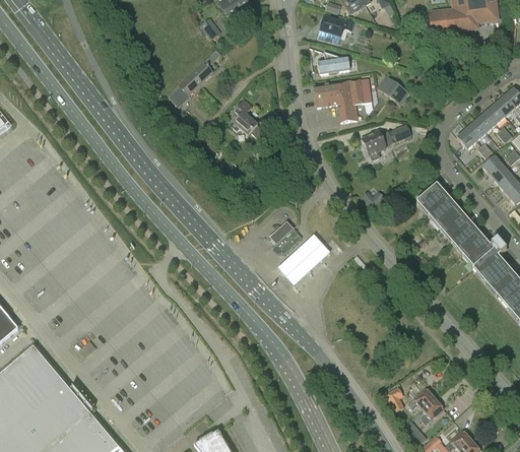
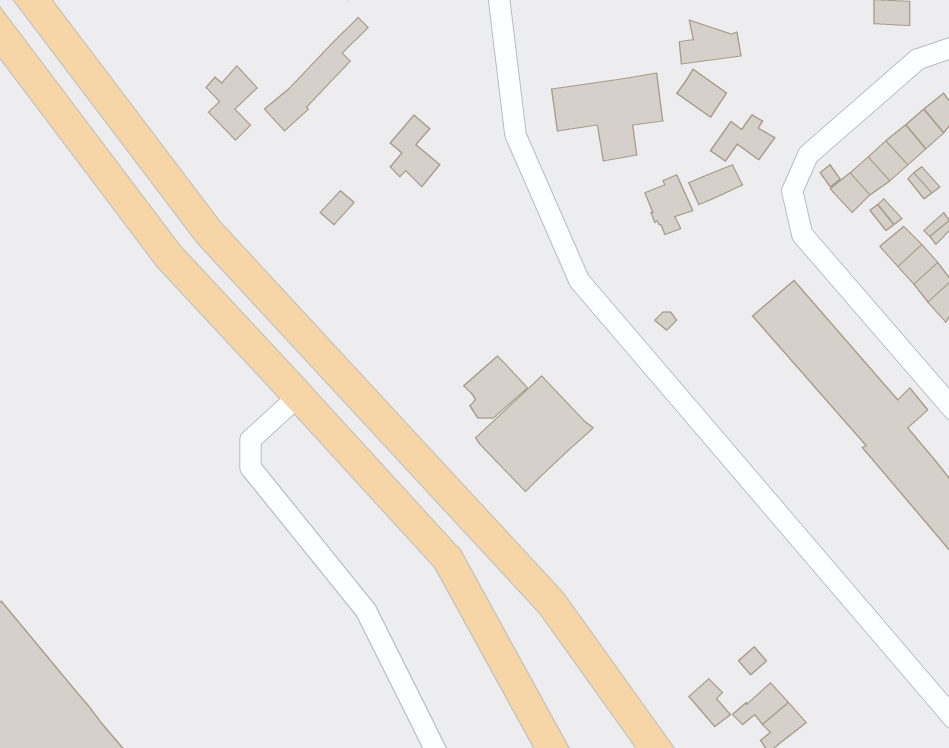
building: [318,51,349,73] -> [679,20,741,64]
building: none -> [206,66,257,140]
building: none -> [710,115,775,161]

